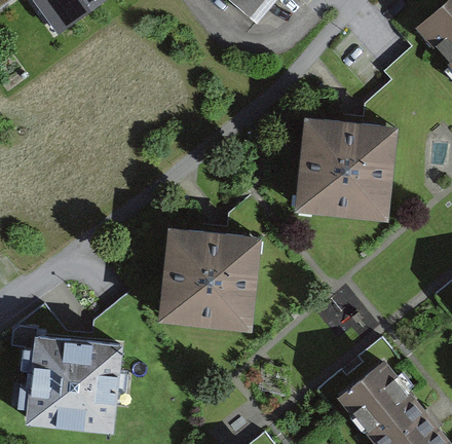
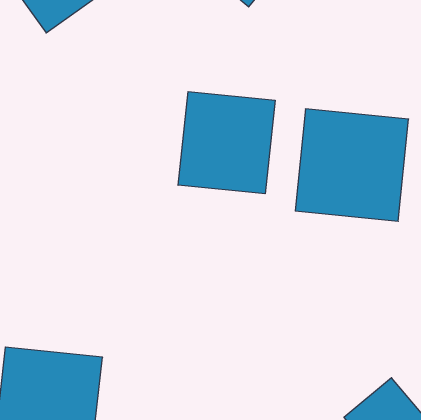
building: none -> [178,92,275,194]
building: [154,227,260,330] -> none

